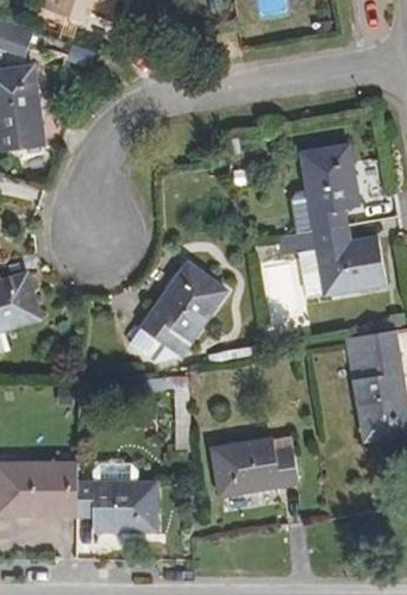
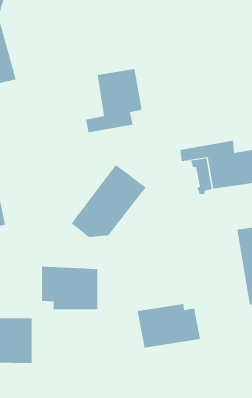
building: [282,146,358,232] -> [85,69,142,133]
building: [77,472,154,531] -> [41,266,98,310]

